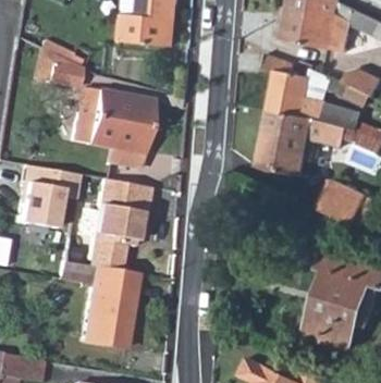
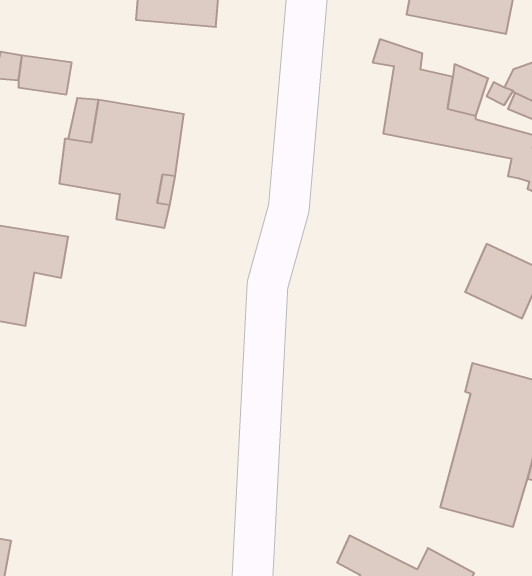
building: [260,111,354,174] -> none
building: [87,178,149,262] -> none
building: [61,260,137,347] -> none

